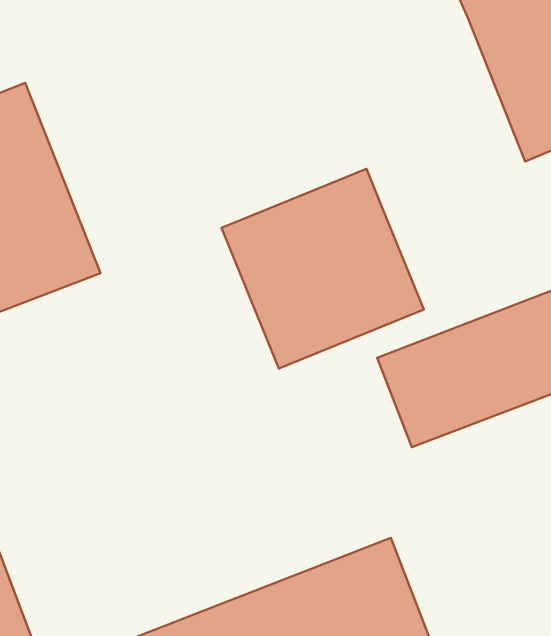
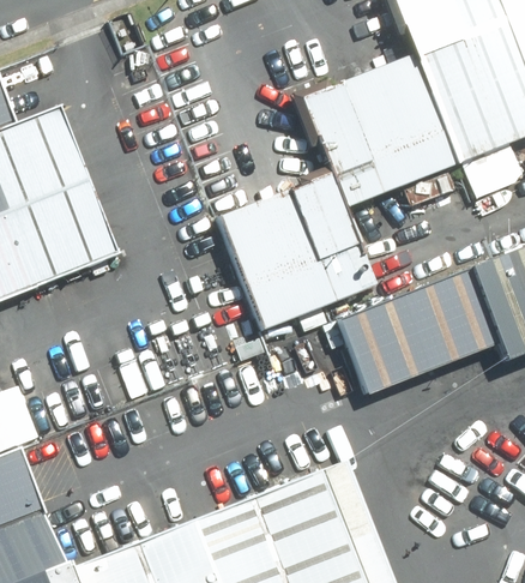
building: none -> [301,52,457,210]

